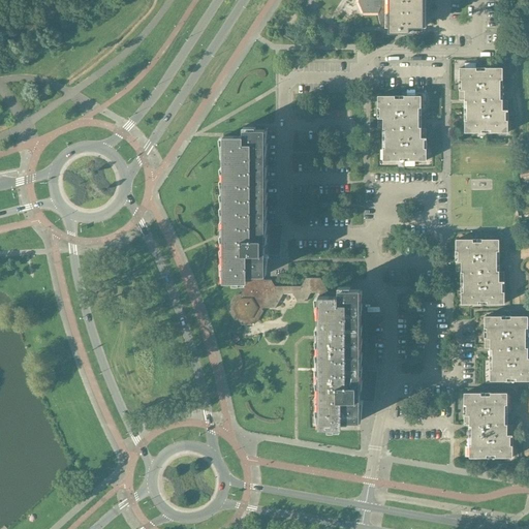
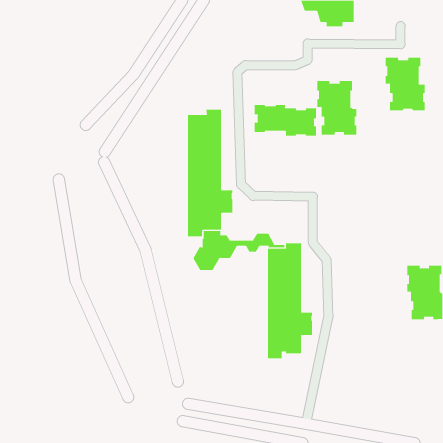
building: none -> [254,104,316,136]
building: [456,240,504,304] -> none
building: [464,393,511,458] -> none

